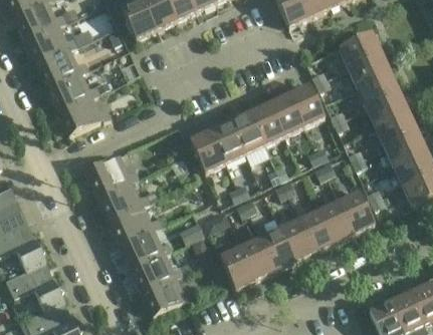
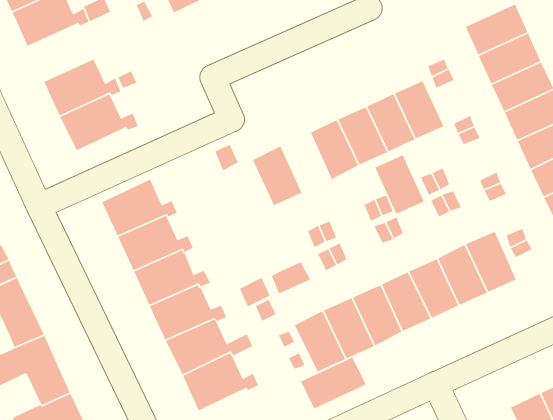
building: [35,46,89,86] -> none
building: [211,121,246,163] -> [374,154,425,215]
building: none -> [300,356,367,410]

